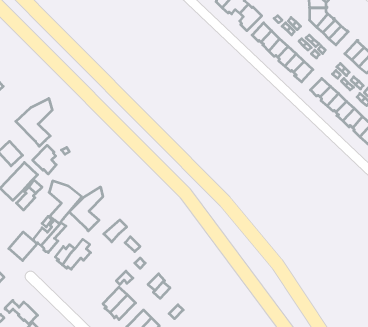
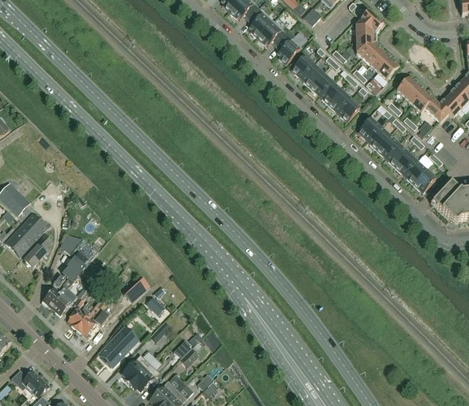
building: [16,98,52,146] -> none
building: [33,145,56,174] -> none
building: [69,187,103,231] -> none
building: [9,232,37,261] -> none
building: none -> [100,333,132,365]

